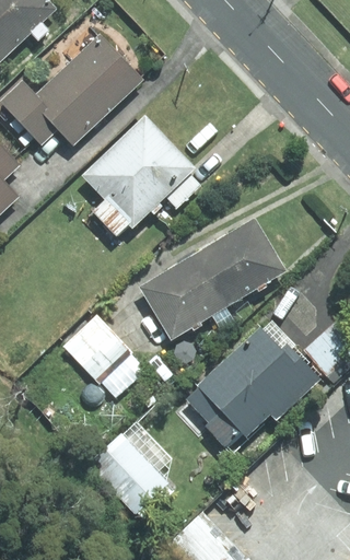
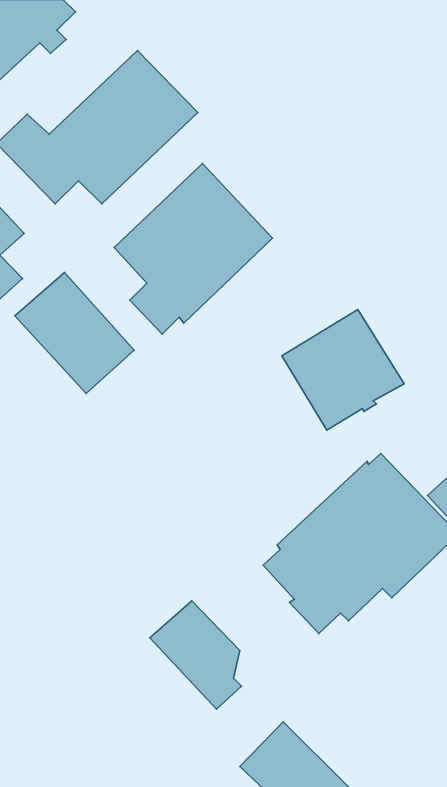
building: [139,252,233,340] -> none
building: [62,314,147,399] -> [15,273,134,393]

